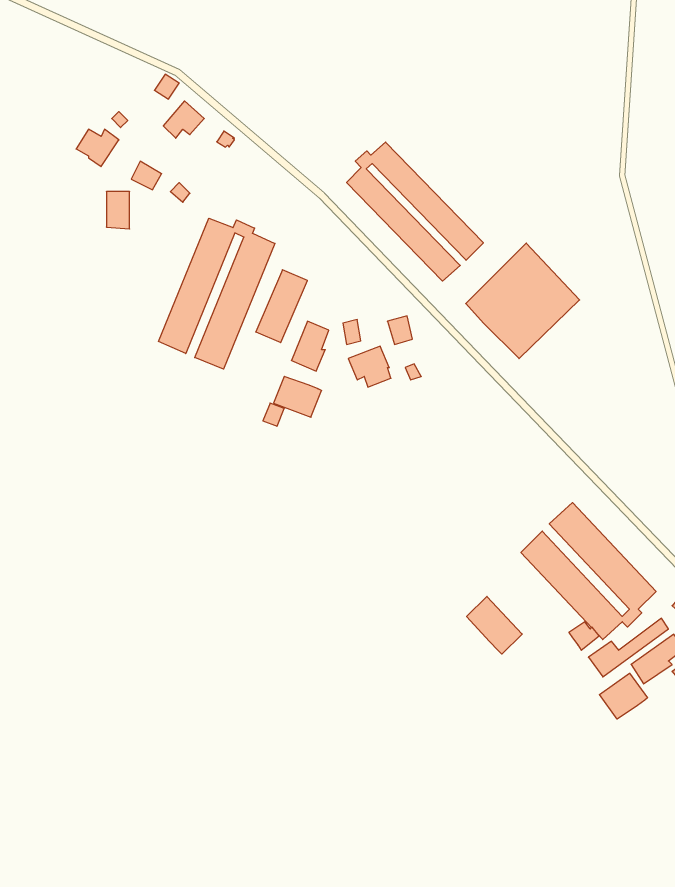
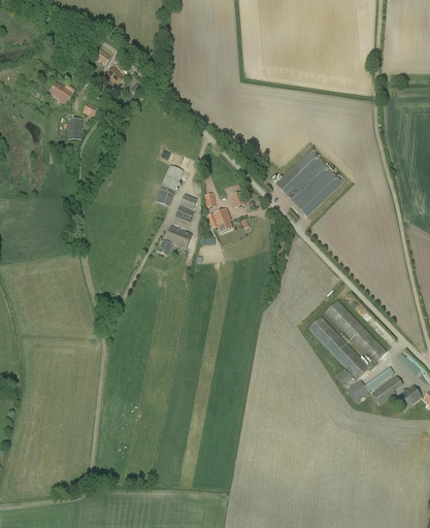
building: [347,142,483,281] -> none
building: [159,218,275,369] -> none
building: [467,596,522,654] -> none
building: [599,673,648,719] -> none

